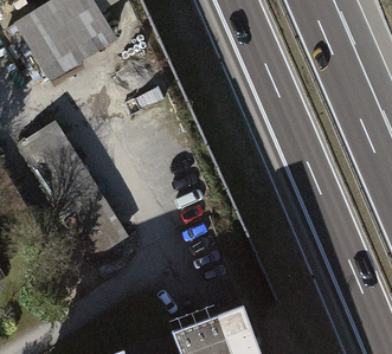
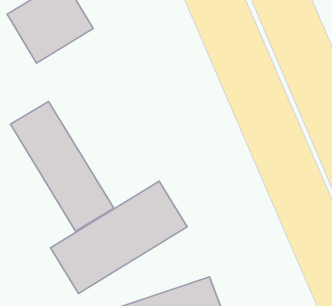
building: none -> [50,181,187,293]

